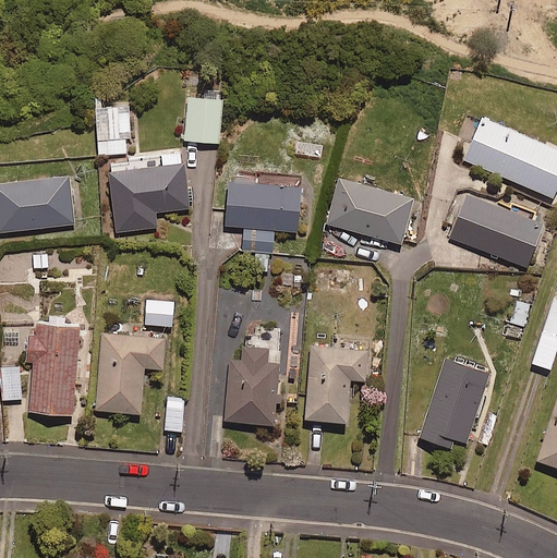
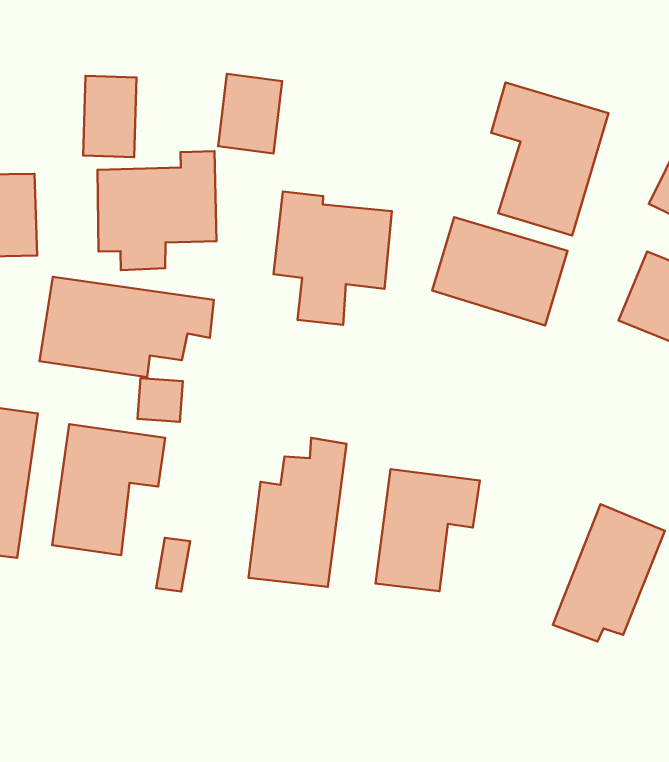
building: none -> [491,82,609,235]
building: none -> [39,277,214,377]

